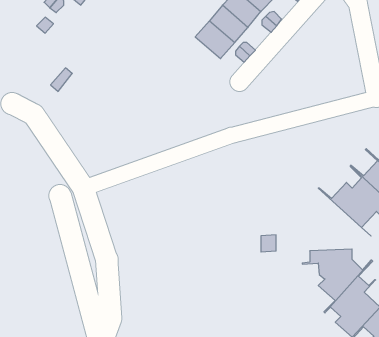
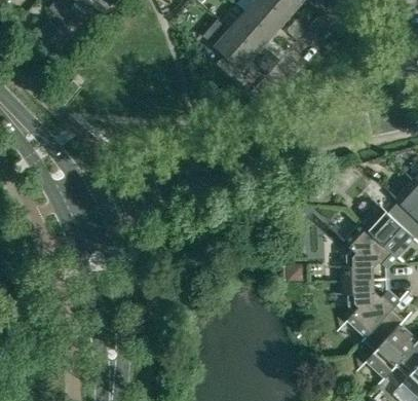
building: none -> [329,212,406,281]

